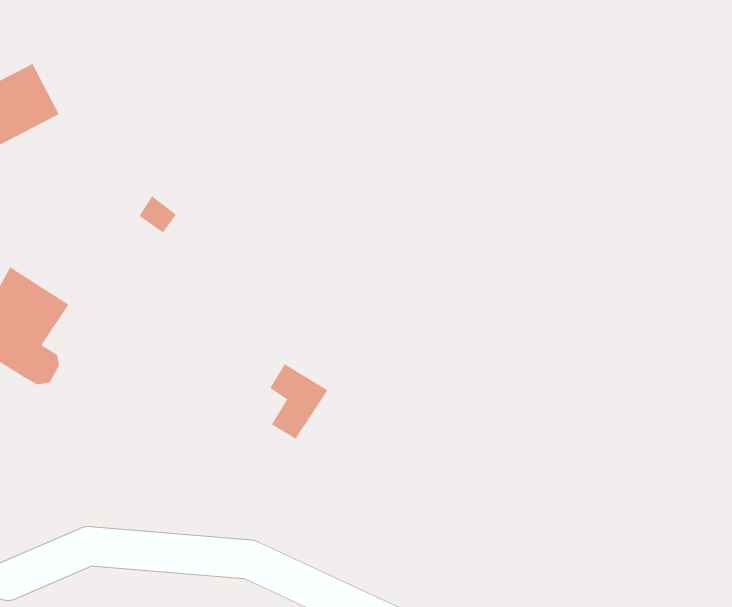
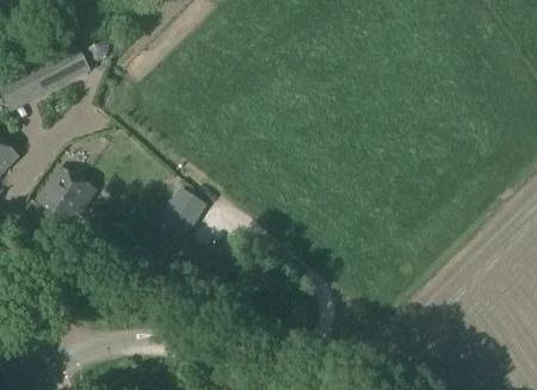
building: [269,363,329,440] -> [169,187,206,235]

